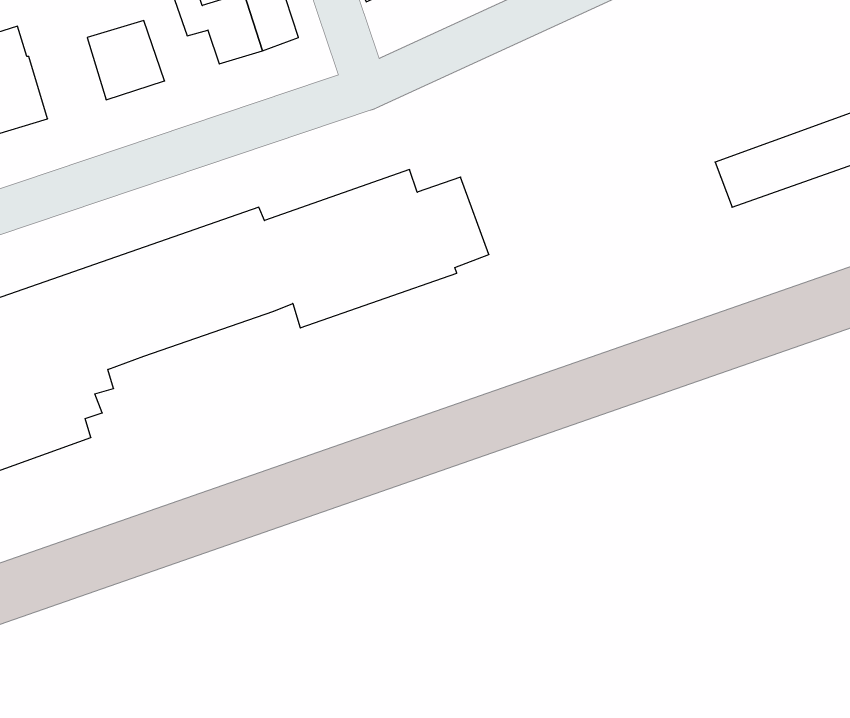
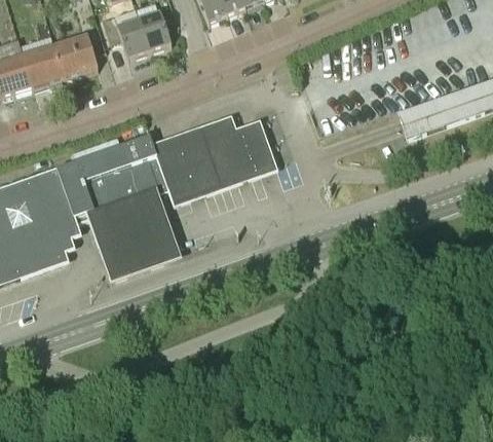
building: none -> [25,44,67,88]
building: none -> [87,193,183,285]

